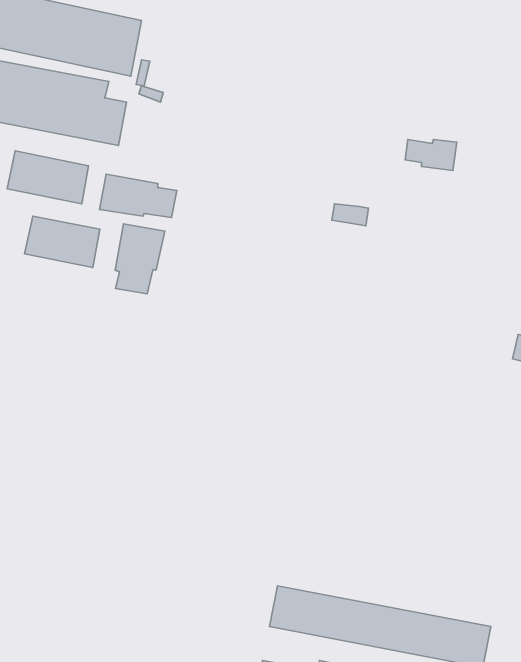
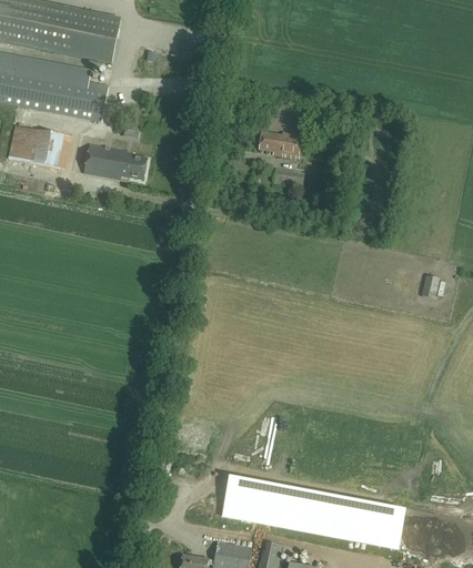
building: [405,139,457,171] -> [260,131,302,156]
building: [25,216,100,268] -> none
building: [115,224,165,294] -> none

